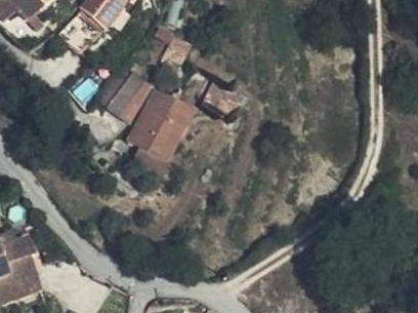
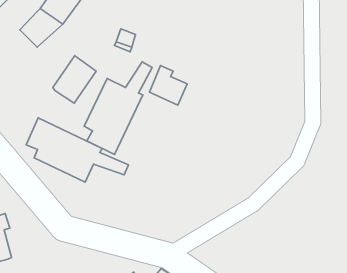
building: none -> [26,118,128,182]

